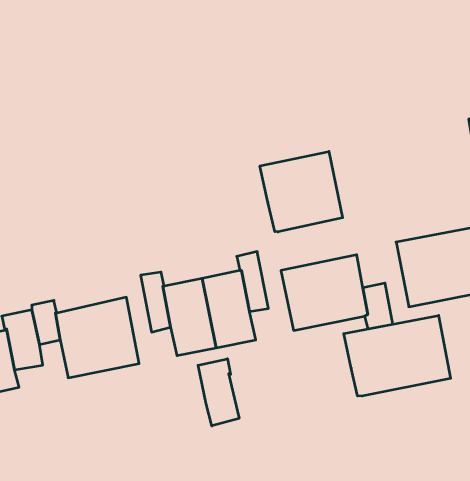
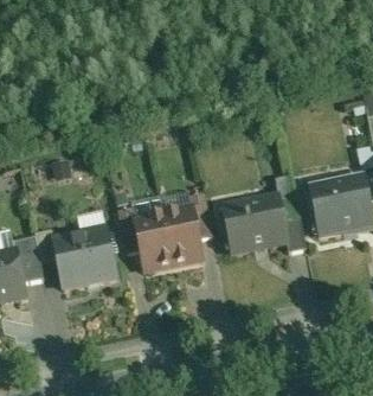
building: [260,151,343,232] -> none
building: [344,315,451,396] -> none
building: [198,359,239,426] -> none

